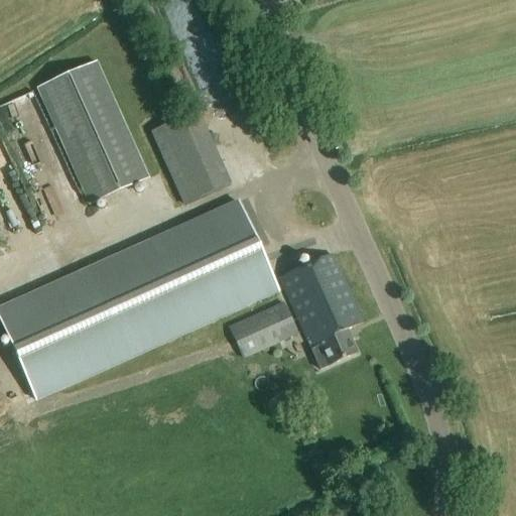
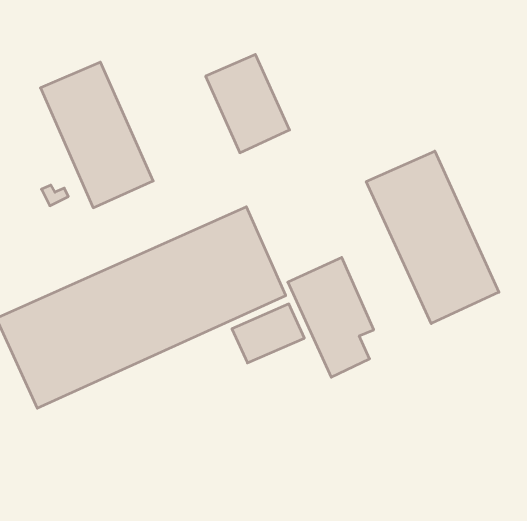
building: [148,105,230,201] -> [206,54,290,153]
building: none -> [366,151,499,324]

